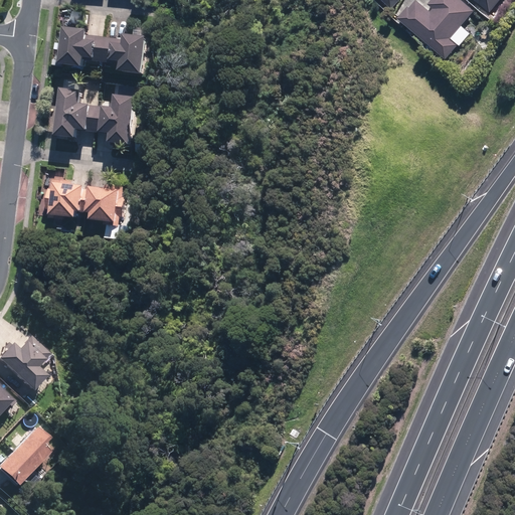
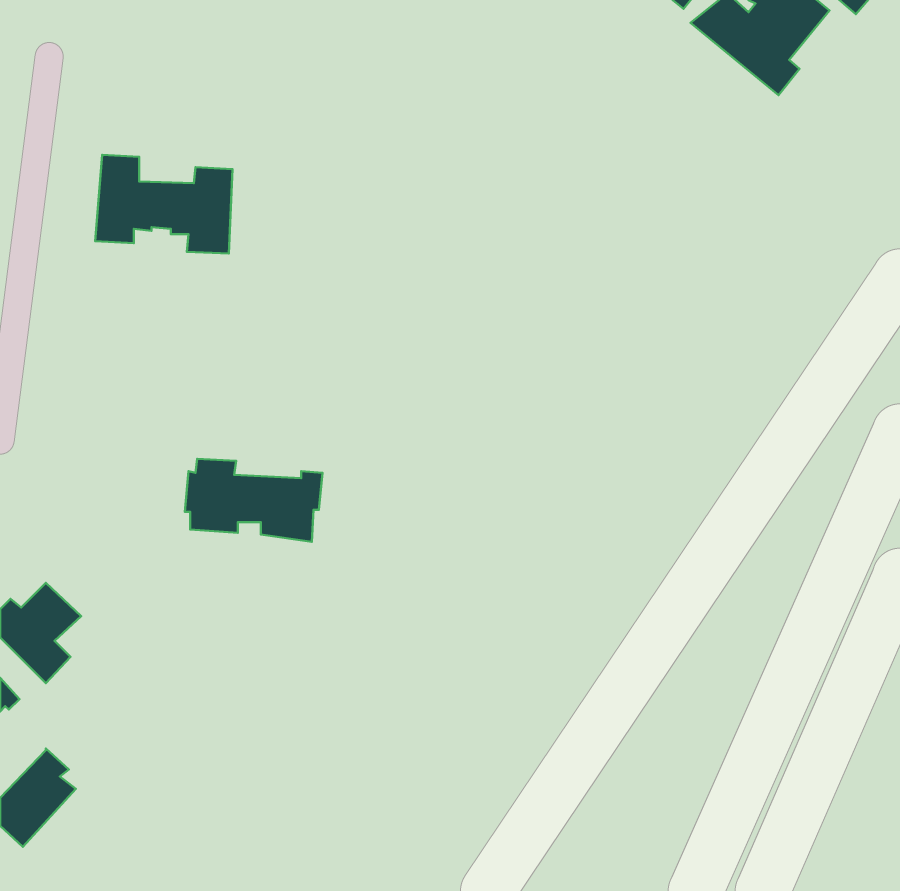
building: [57,27,143,74] -> none
building: [45,177,124,224] -> [185,459,322,542]

